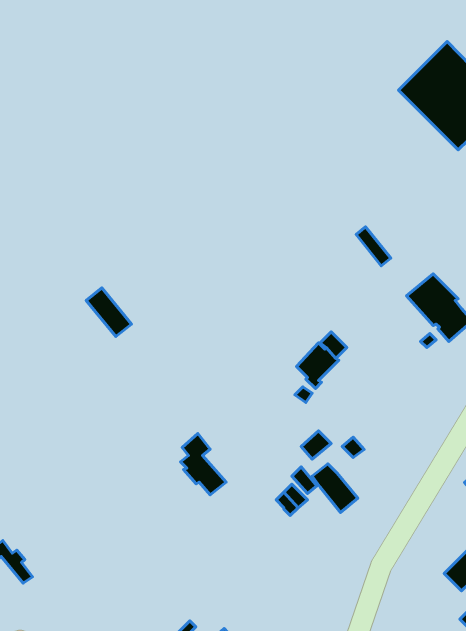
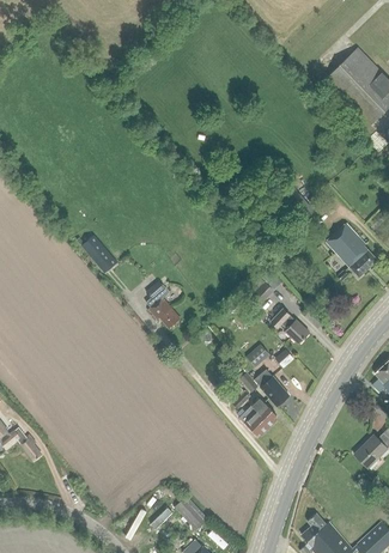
building: none -> [269,309,308,344]
building: [180,434,226,495] -> [145,281,180,328]
building: none -> [239,399,276,436]

